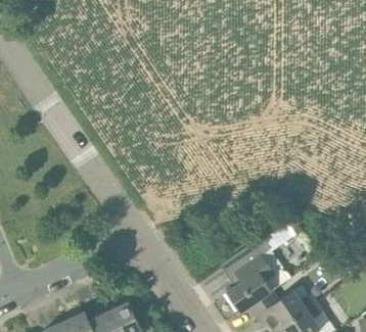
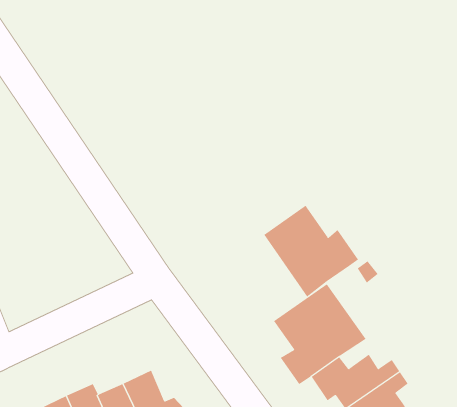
building: none -> [263,205,359,297]

